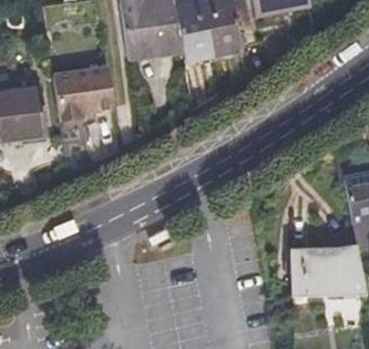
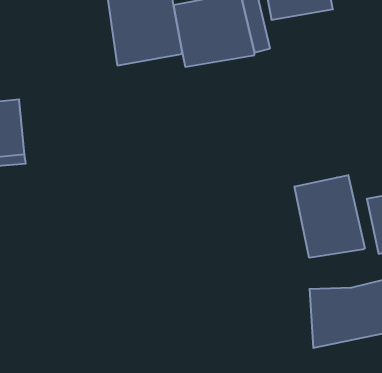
building: [55,69,116,124] -> none
building: none -> [295,175,365,258]

